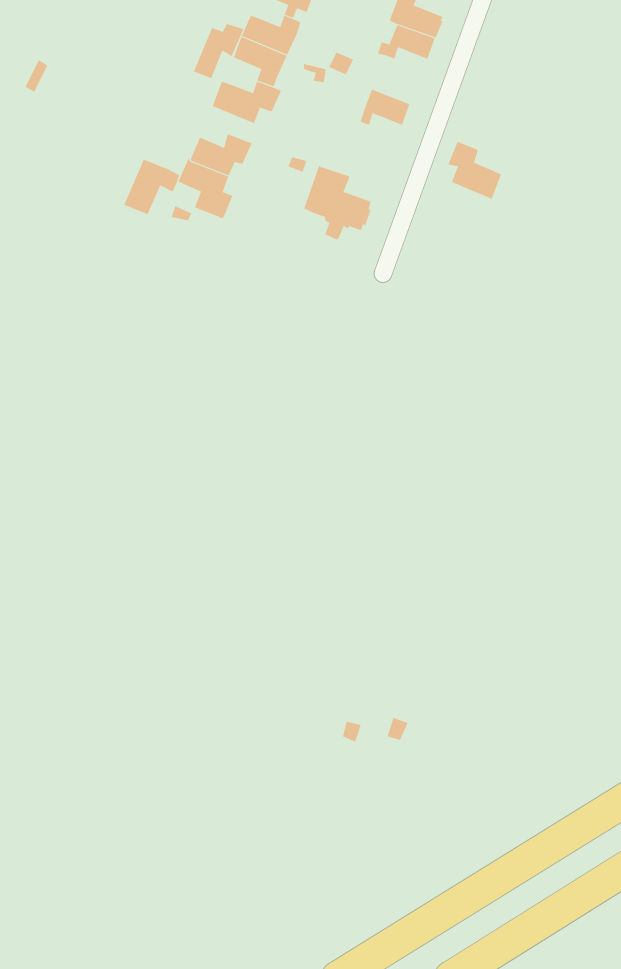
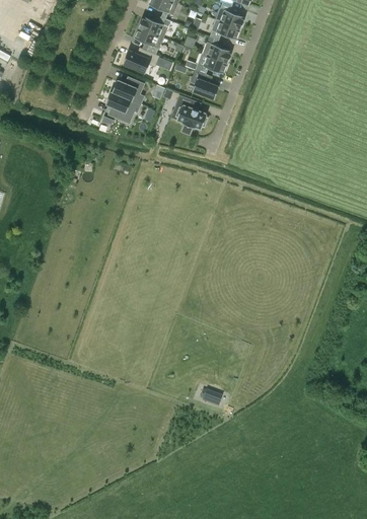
building: [194,23,244,80] -> none
building: none -> [202,38,230,63]
building: [447,141,502,200] -> [191,71,219,101]
building: [124,159,180,215] -> none

